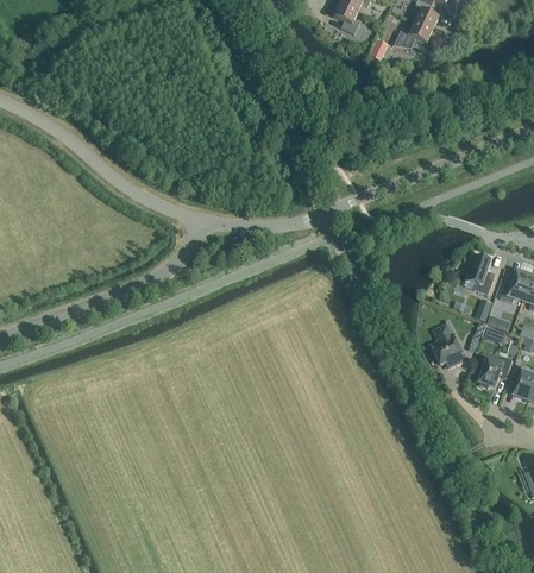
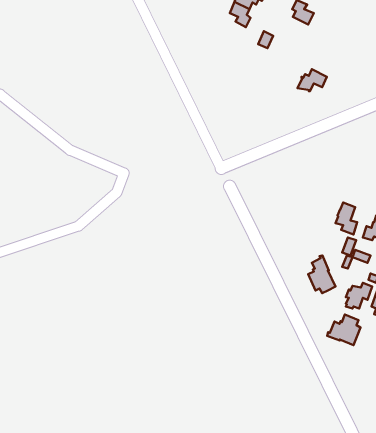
building: [395,21,432,49] -> [298,69,327,91]
building: none -> [327,315,360,345]

